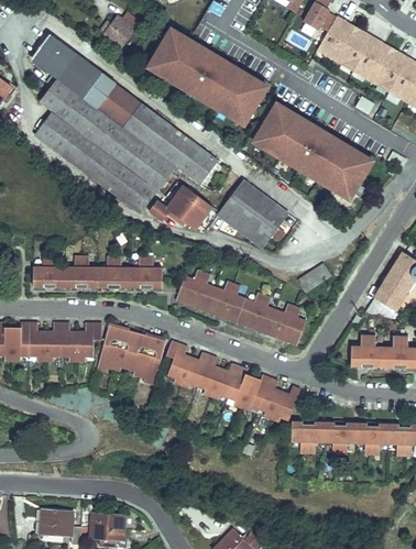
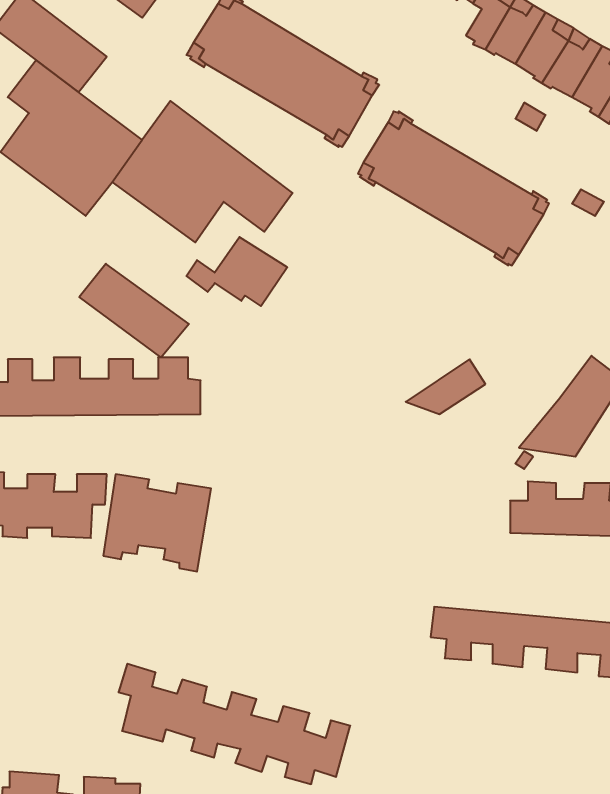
building: [81,68,139,120] -> none
building: [86,146,154,205] -> [79,264,189,357]
building: [217,174,288,243] -> none
building: [171,275,306,339] -> none
building: [164,341,308,416] -> [118,664,350,784]

